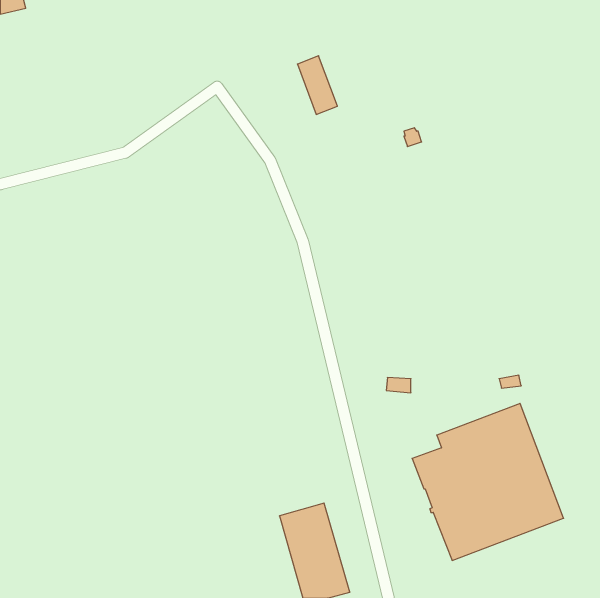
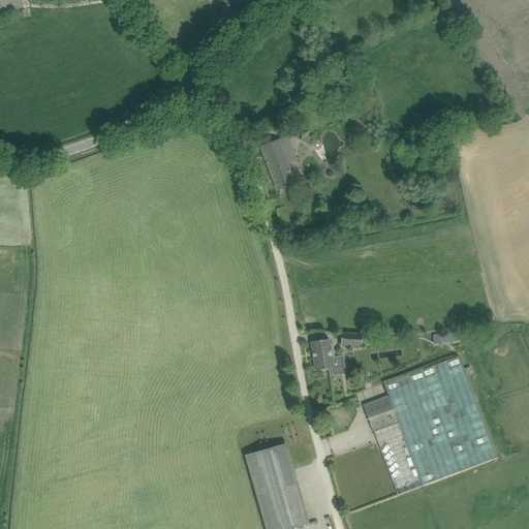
building: [297,56,337,114] -> [260,138,295,190]
building: none -> [311,339,335,370]

